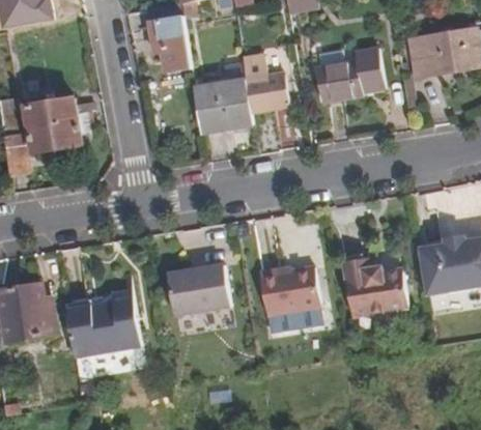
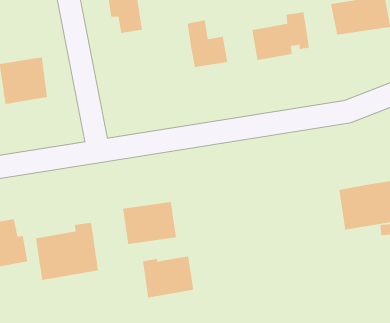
building: [193,63,252,131] -> none
building: [342,258,407,317] -> none
building: [259,267,319,316] -> [142,256,194,298]

